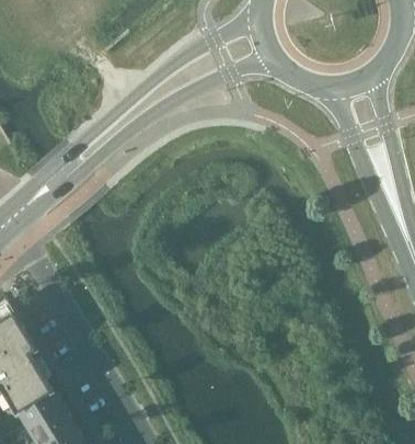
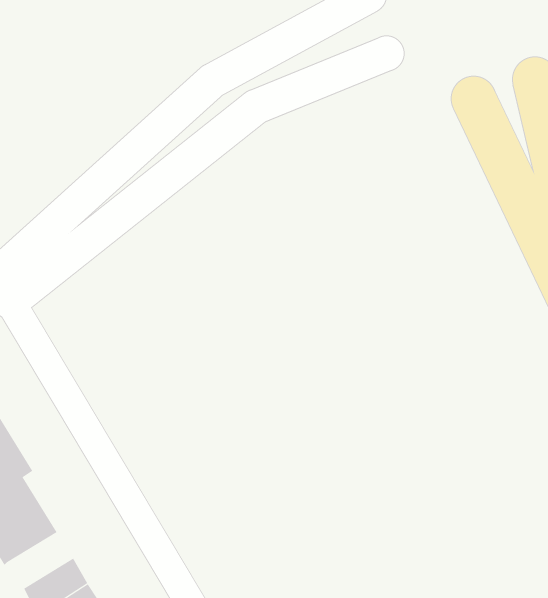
building: [21,396,66,434] -> none

